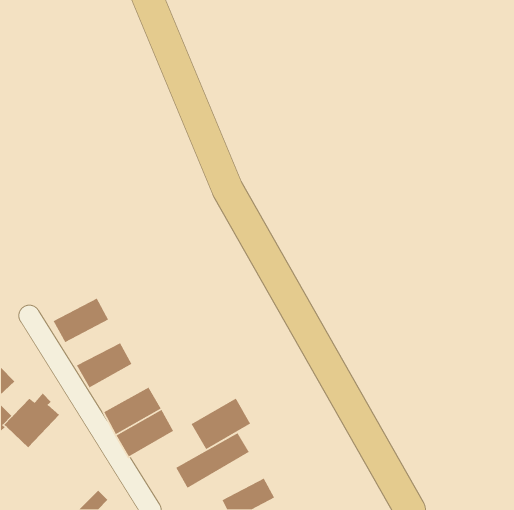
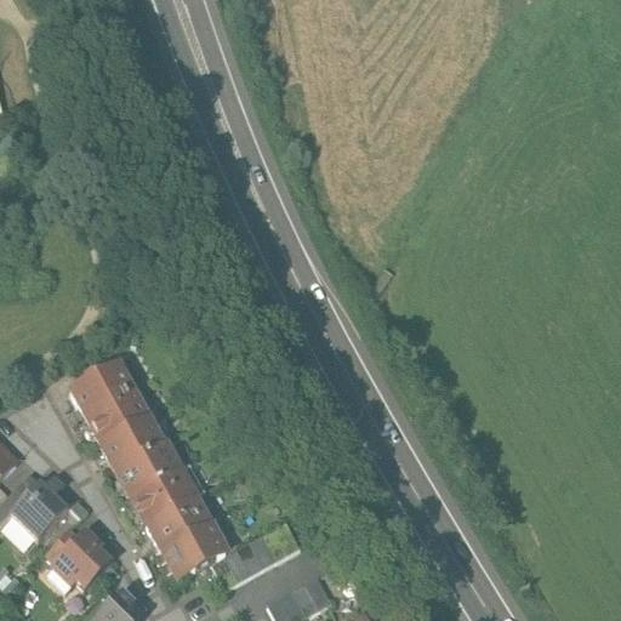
building: none -> [81,383,148,438]
building: none -> [110,434,182,494]
building: [191,398,251,450] -> [158,517,230,580]
building: none -> [46,524,113,589]

